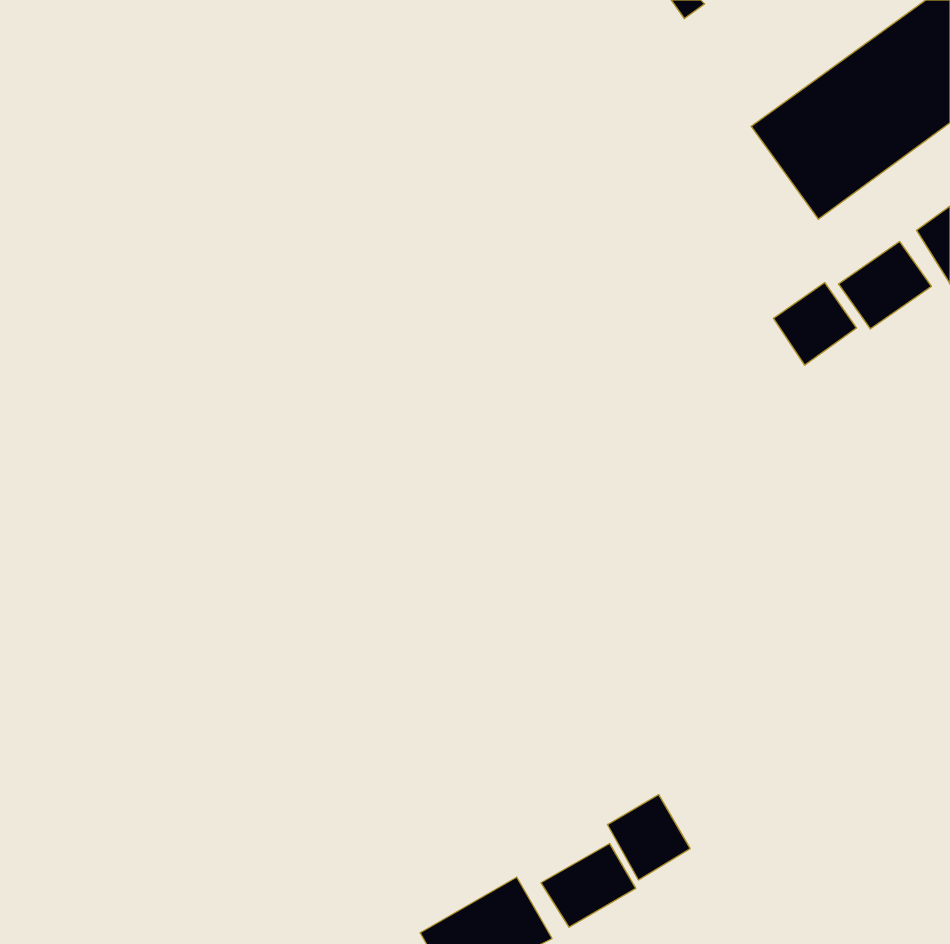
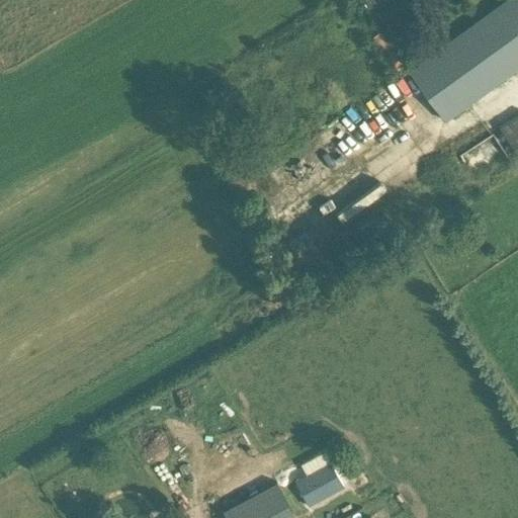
building: [774,283,856,365] -> none
building: [607,795,690,880] -> none

